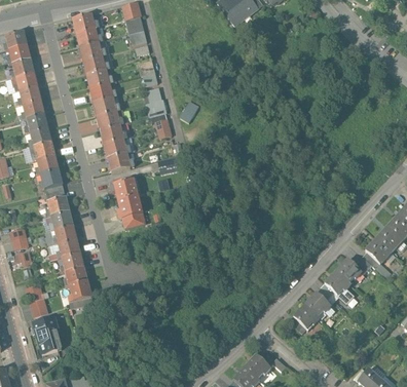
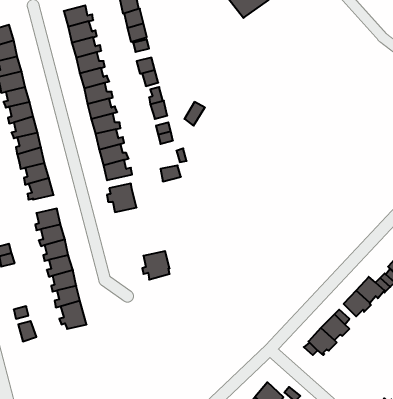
building: [117,196,142,222] -> [142,251,170,280]
building: [33,318,59,354] -> none

